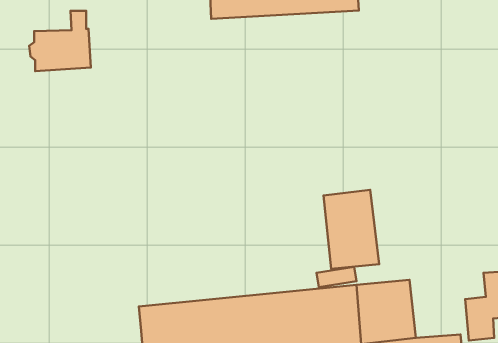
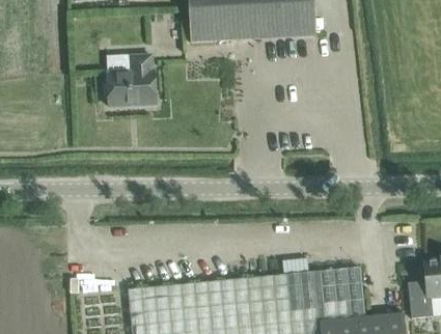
building: [29,11,91,71] -> [103,54,156,106]
building: [323,190,379,269] -> none

